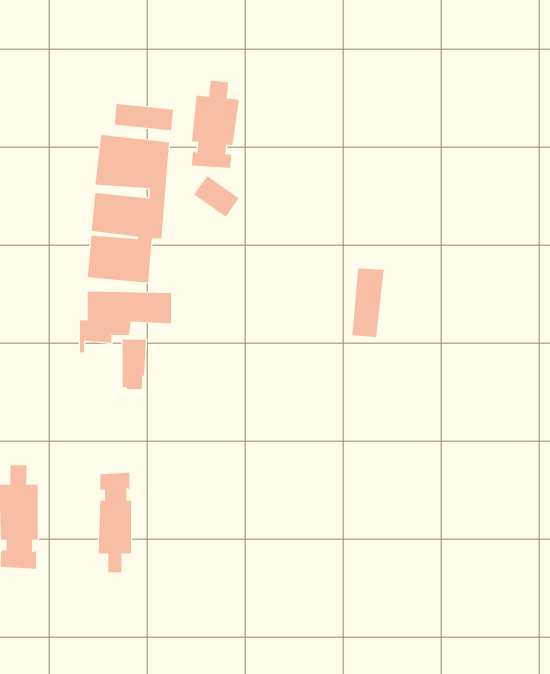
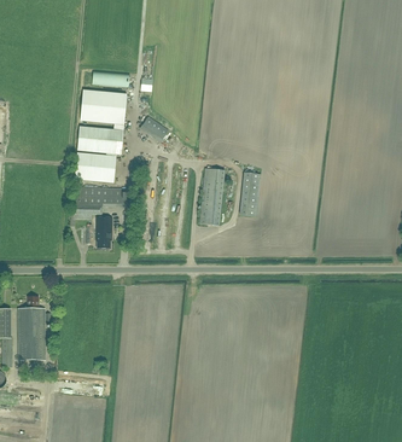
building: [191,80,240,169] -> none
building: none -> [199,168,223,226]
building: [98,472,131,573] -> none

